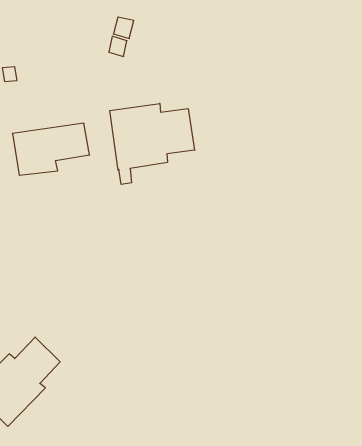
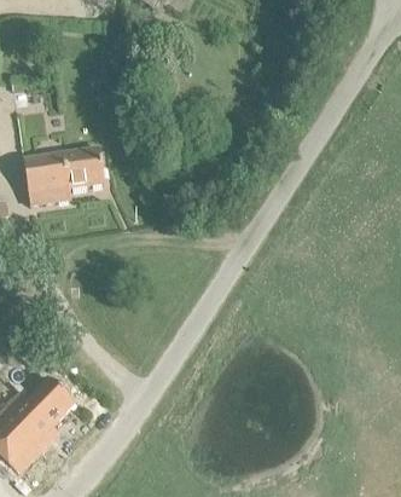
building: [110,103,195,184] -> none

